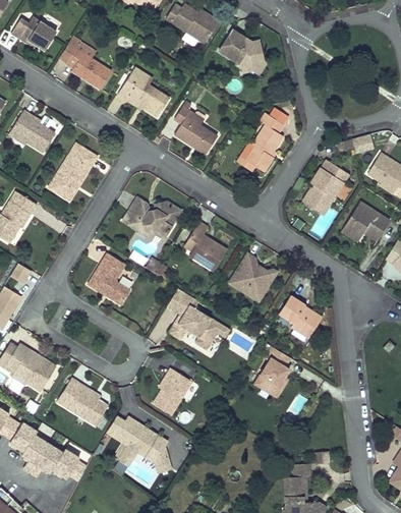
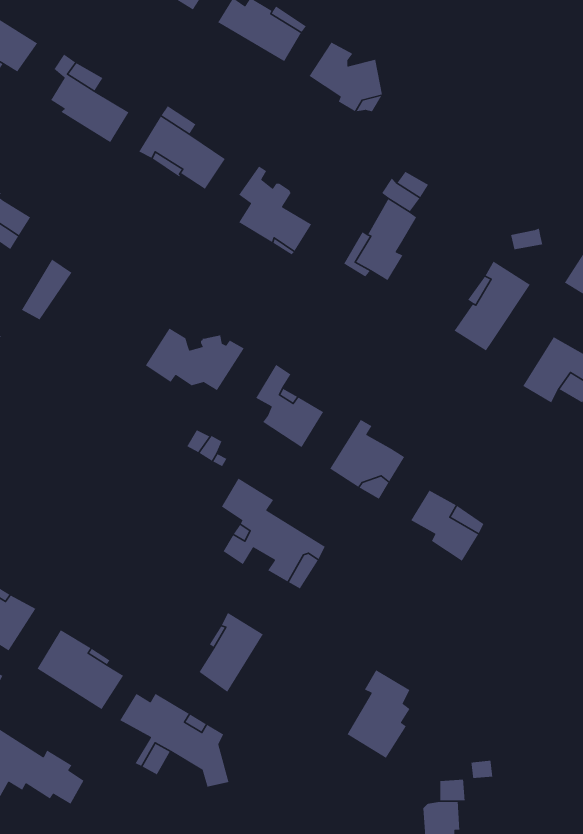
building: [59,144,97,202] -> none
building: [87,254,128,305] -> none
building: [253,345,291,398] -> [347,669,410,759]

